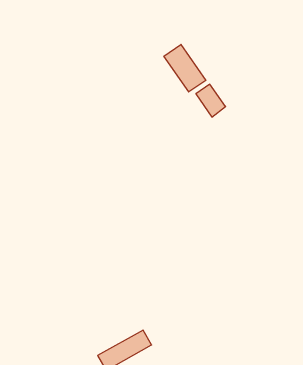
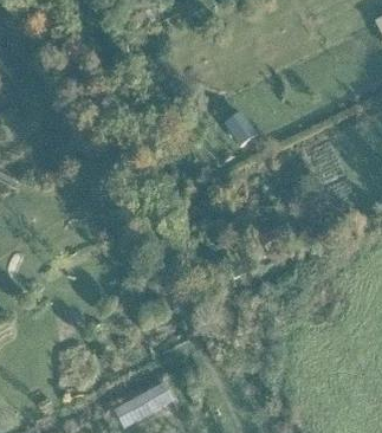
building: [164,44,206,92] -> none

